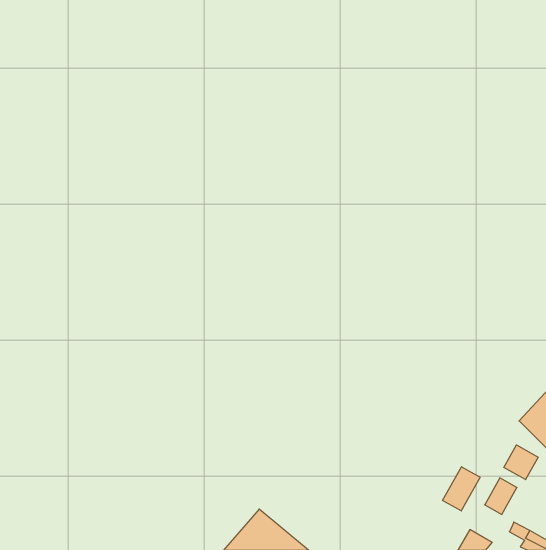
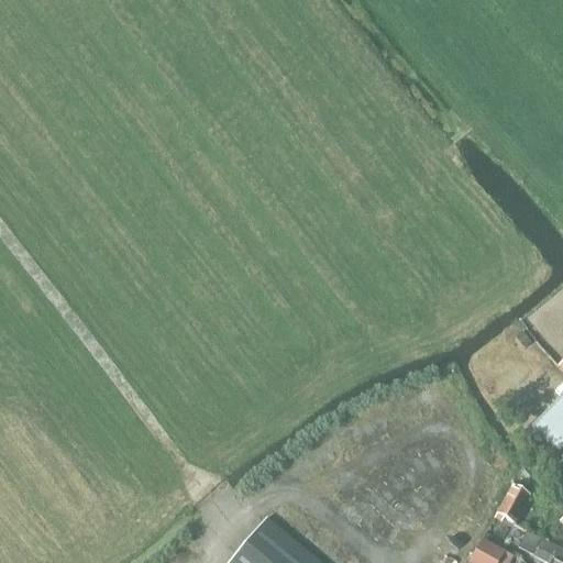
building: [504,445,538,480] -> none
building: [443,467,480,511] -> none

